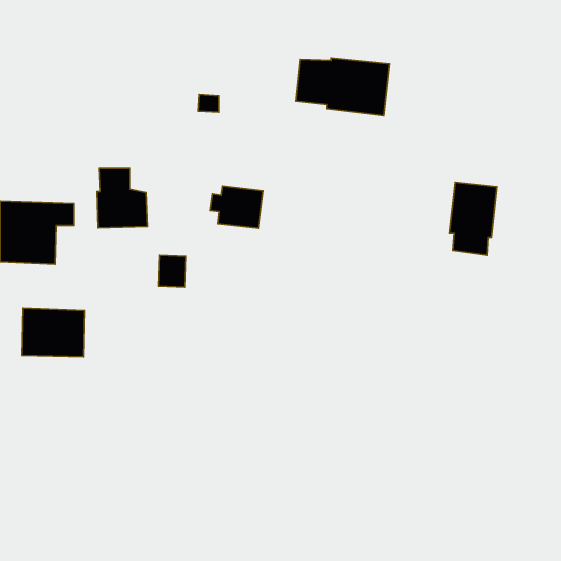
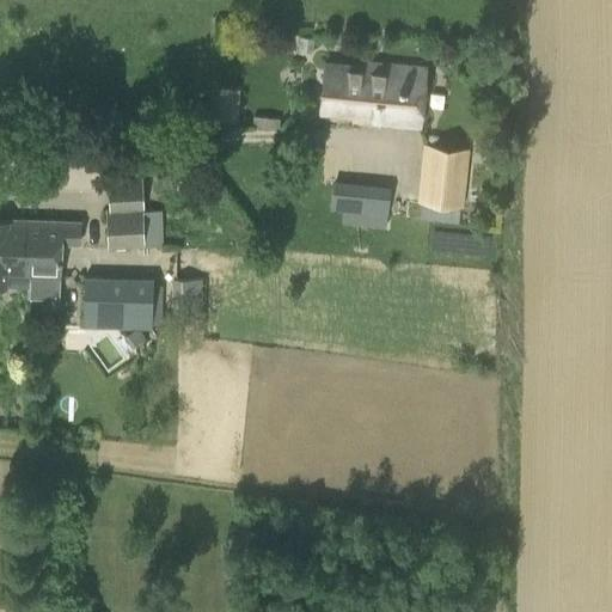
building: [450,182,497,255] -> [417,146,469,225]
building: [210,186,263,228] -> [333,183,391,228]
building: [22,308,84,357] -> [86,277,154,330]

